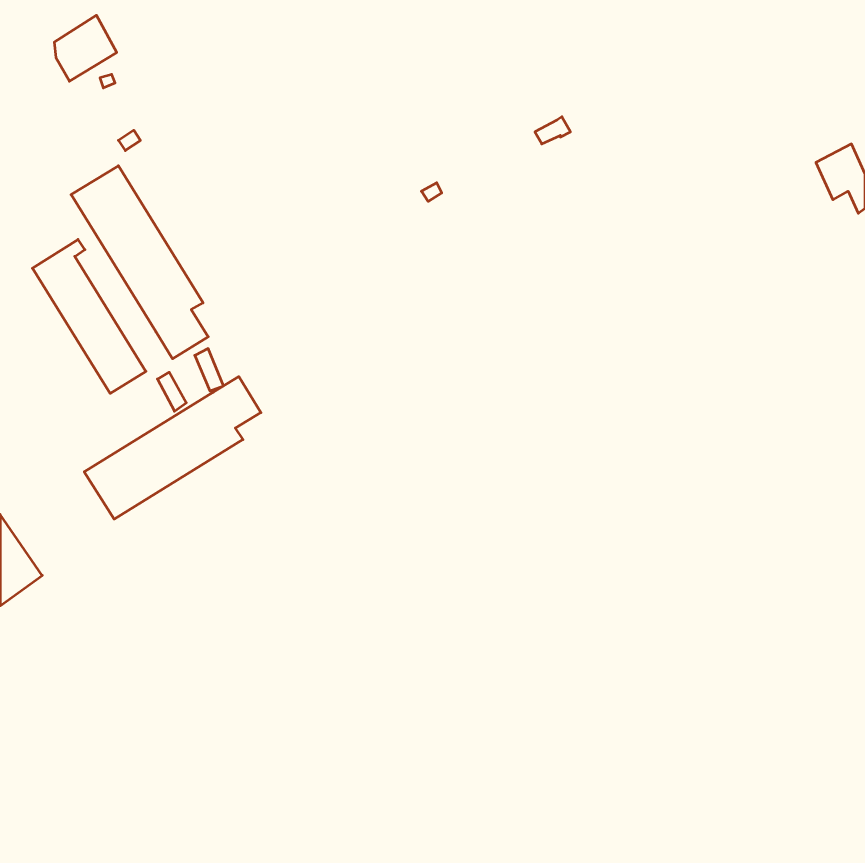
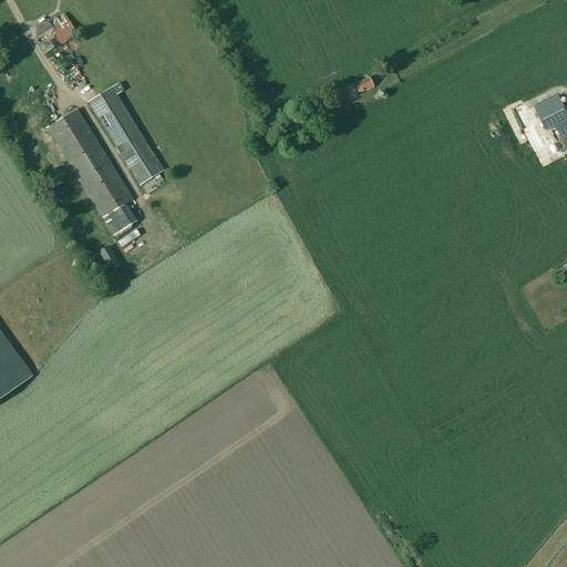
building: [32,239,146,393] -> [89,83,163,184]
building: [84,377,261,519] -> none

